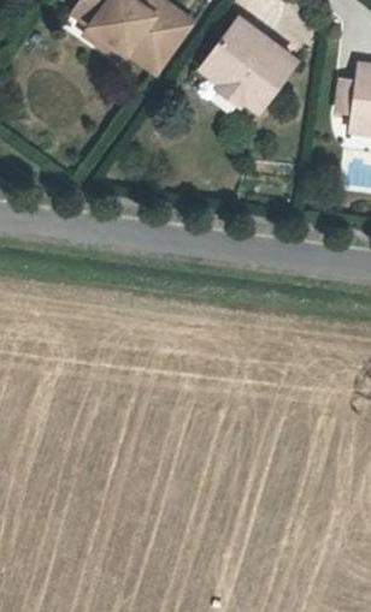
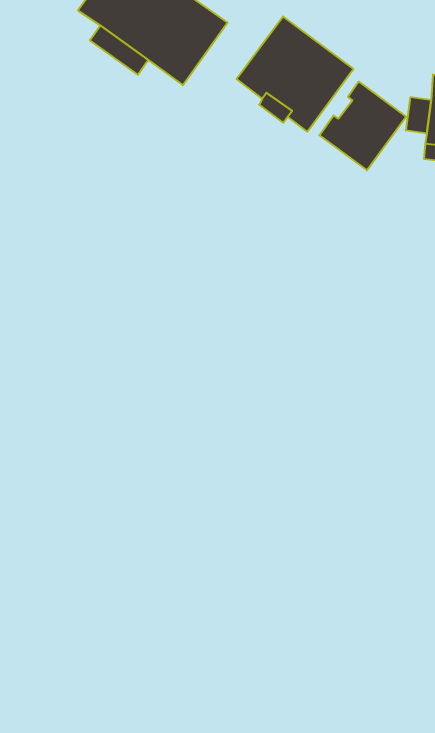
building: none -> [319,82,406,170]

